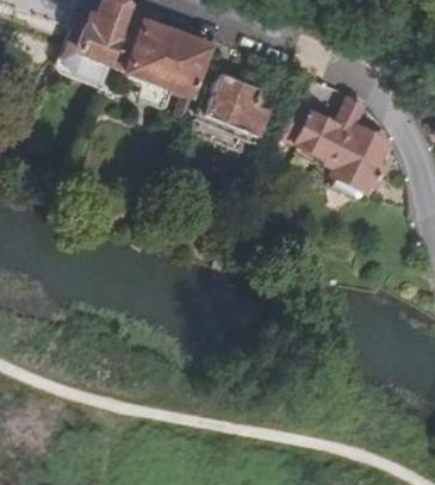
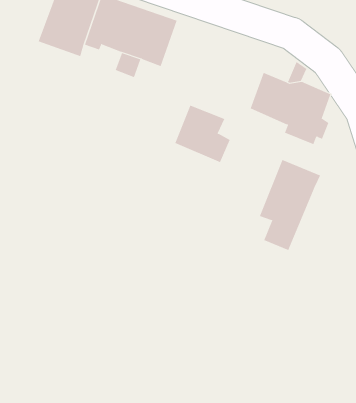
building: [207,71,268,135] -> [174,105,231,163]
building: none -> [259,159,321,251]

